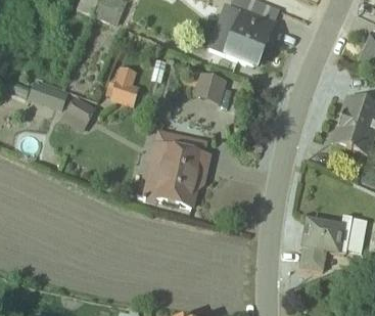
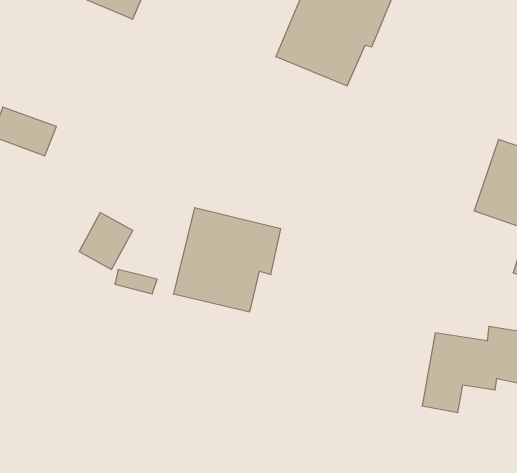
building: [194,71,226,100] -> none
building: [107,77,139,104] -> none
building: [62,96,96,132] -> [79,213,133,269]

